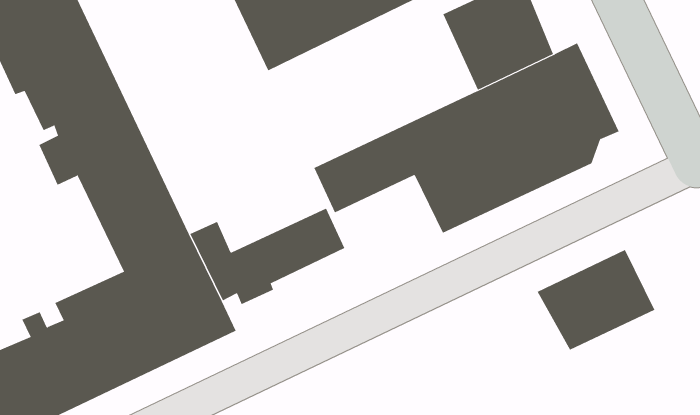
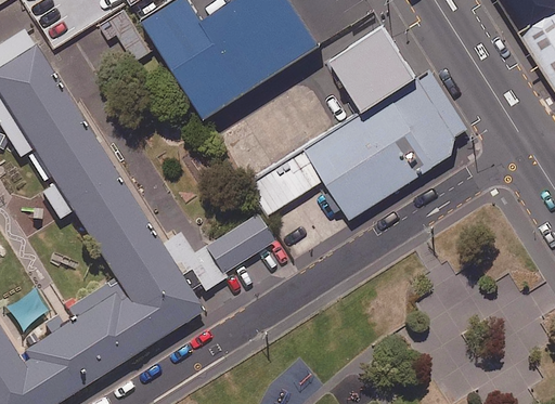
building: [537,249,655,350] -> none

